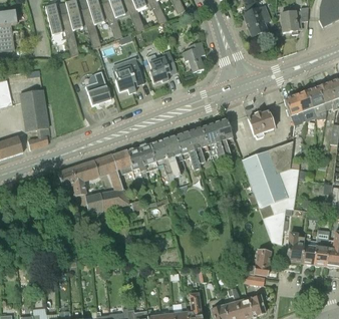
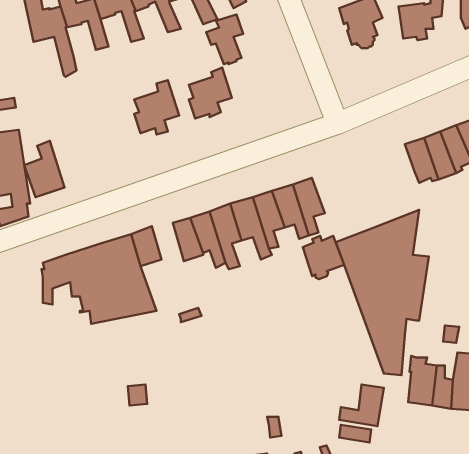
building: [182,41,205,72] -> [206,15,243,64]
building: [85,70,110,105] -> [24,141,64,197]
building: [248,110,274,137] -> [303,236,344,279]
building: [125,147,147,178] -> none

